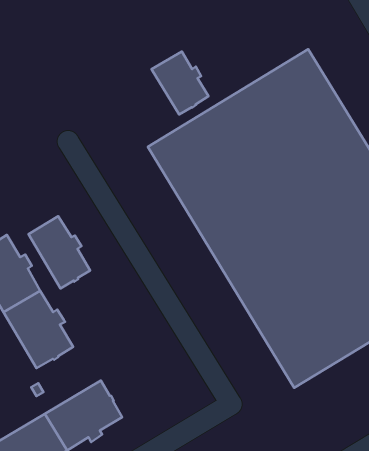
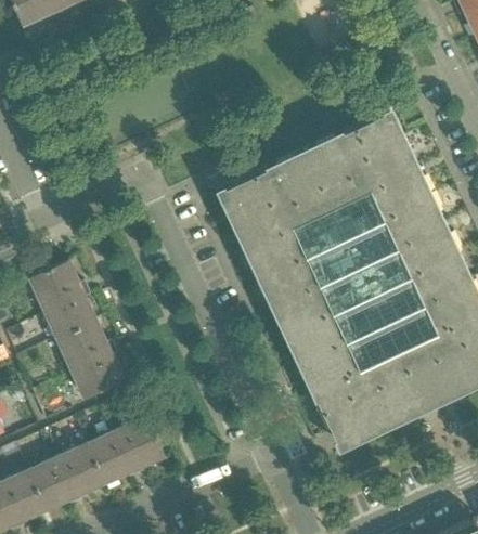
building: [152,51,209,114] -> none
building: [28,216,90,289] -> none

